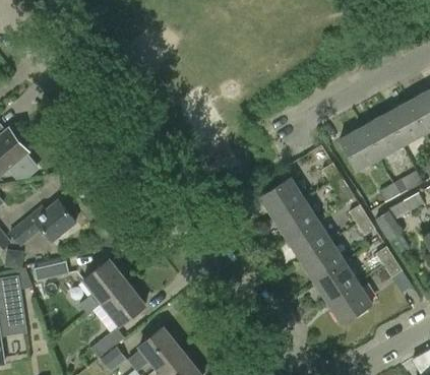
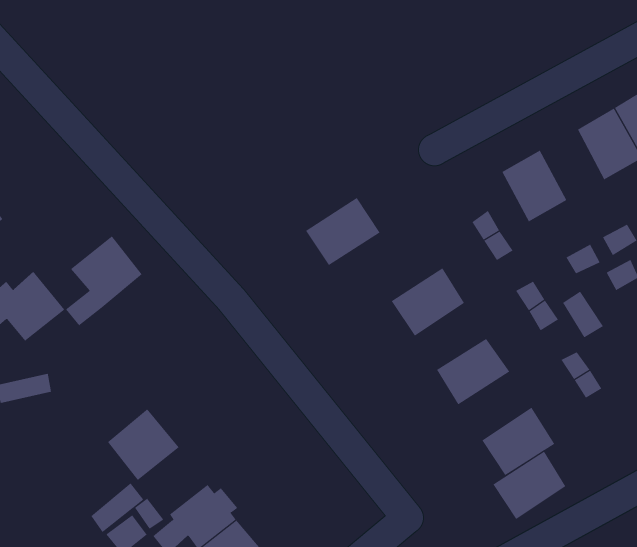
building: [364,114,403,157] -> none
building: [259,176,305,217] -> [305,197,381,266]
building: [288,218,331,259] -> none
building: [79,259,126,314] -> [65,236,142,326]
building: [314,260,359,302] -> [492,451,566,520]

